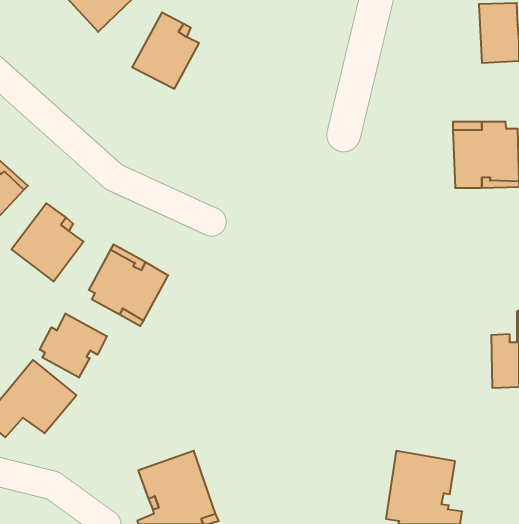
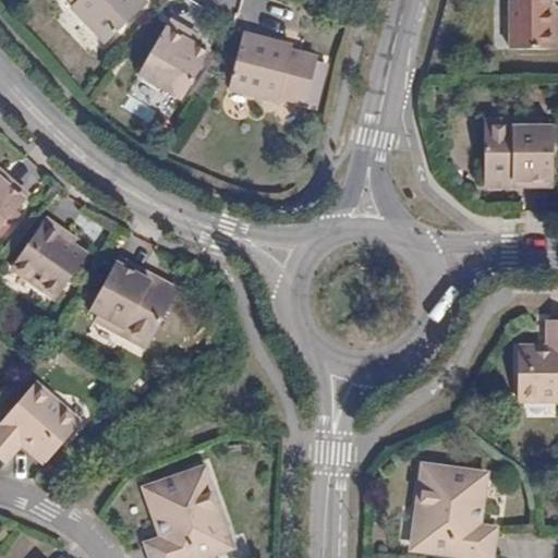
building: none -> [235,27,324,97]
building: [40,313,107,378] -> none

